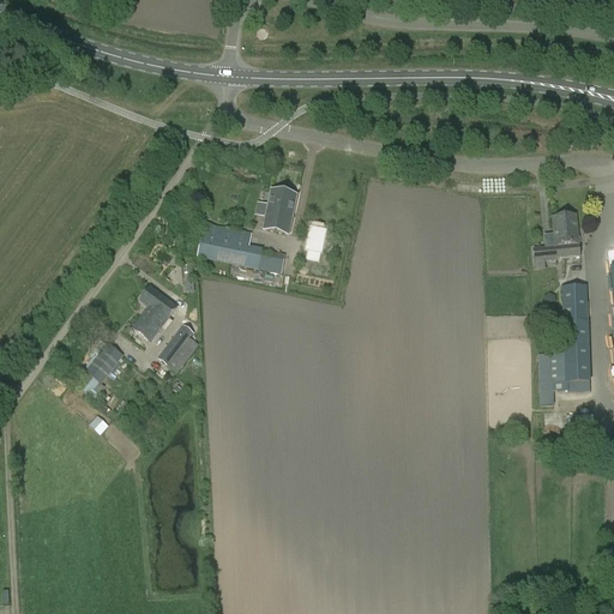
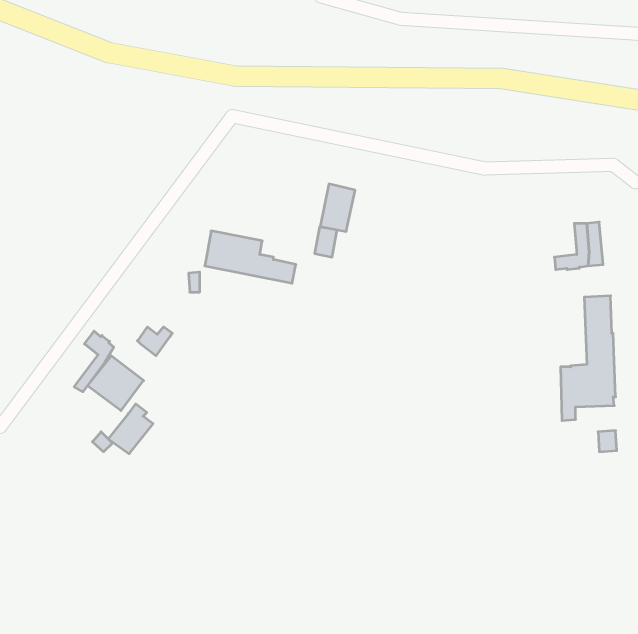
building: [263,187,296,233] -> [320,184,355,231]
building: [139,285,176,321] -> none
building: none -> [74,331,114,392]
building: [156,324,199,372] -> [108,404,153,454]

